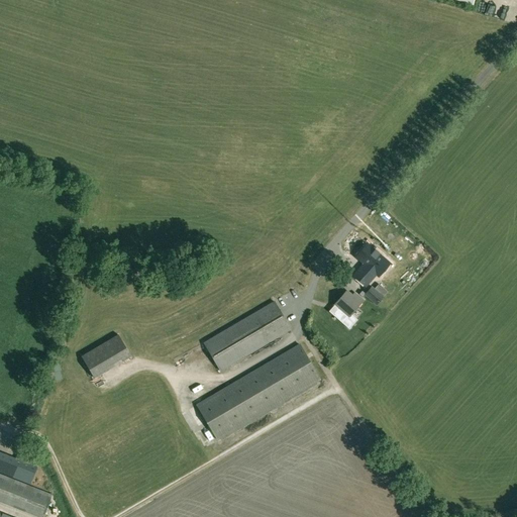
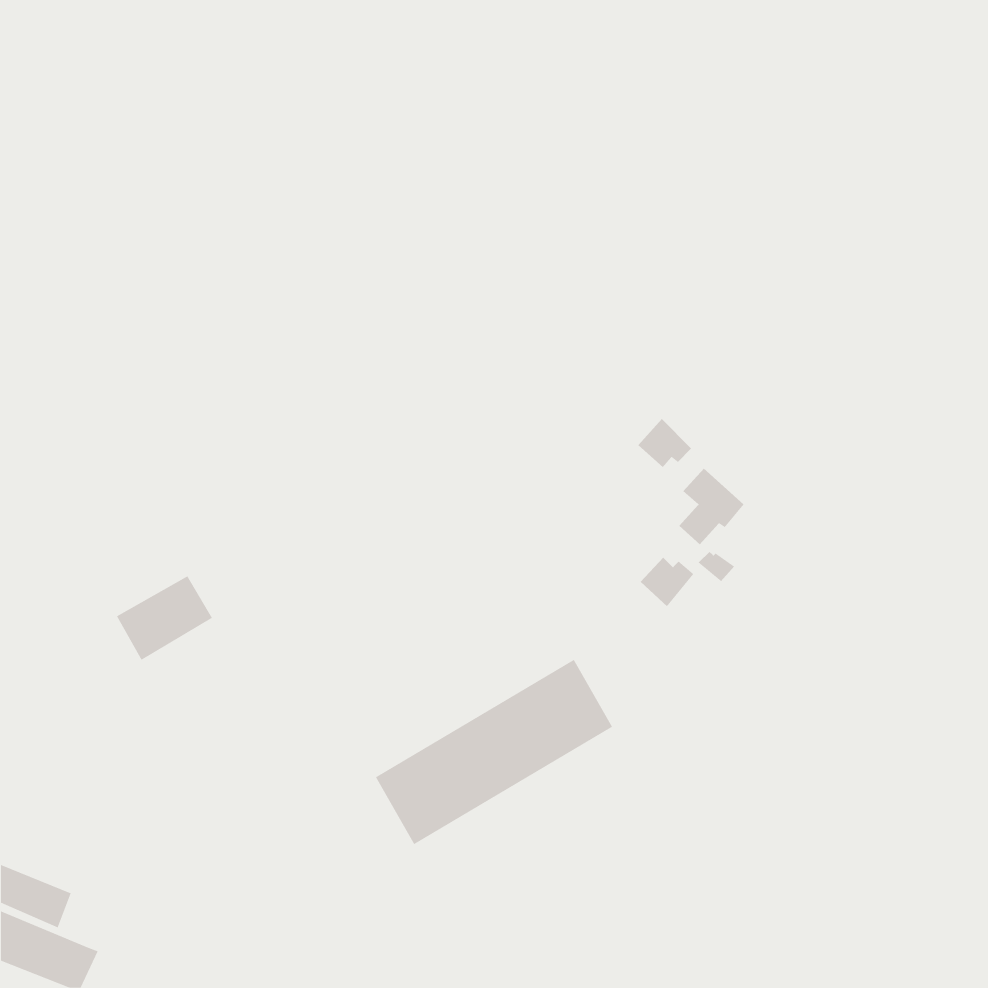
building: none -> [638,418,692,468]
building: [203,301,291,372] -> none
building: [81,334,131,379] -> [116,575,213,661]

